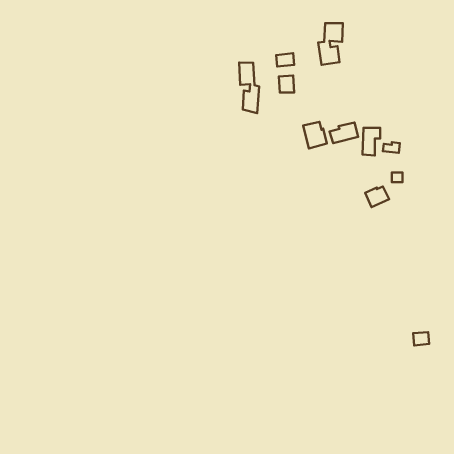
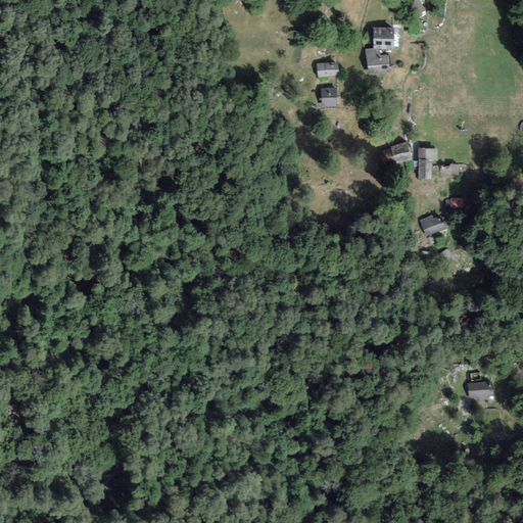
building: [239,62,259,113] -> none
building: [303,122,327,148] -> none

